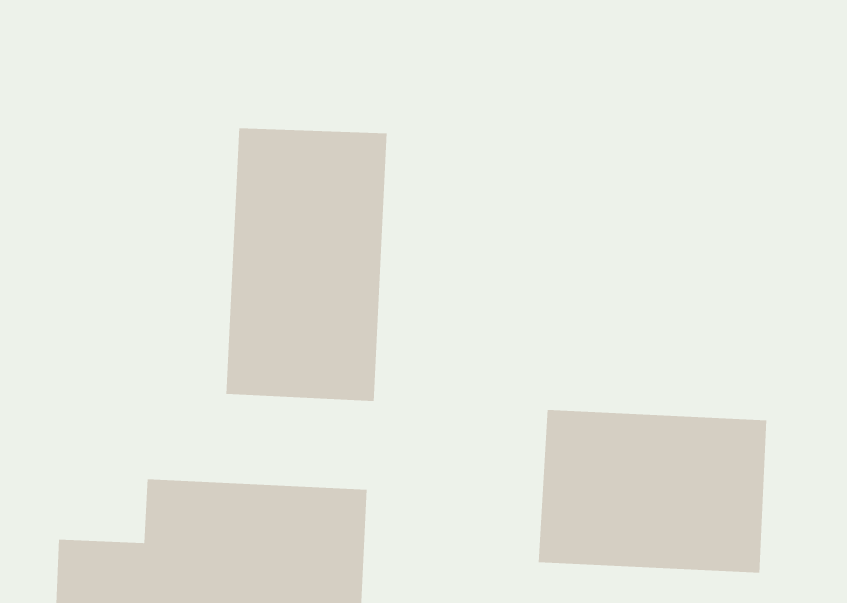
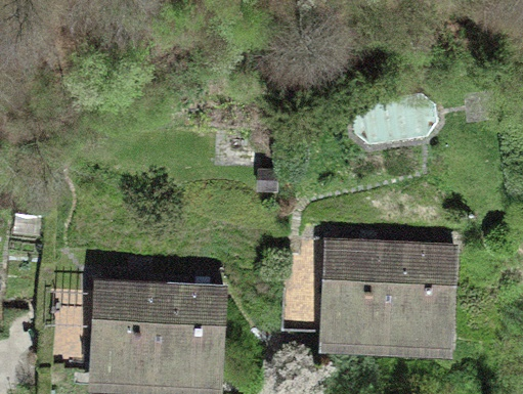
building: [226,128,387,402] -> none

